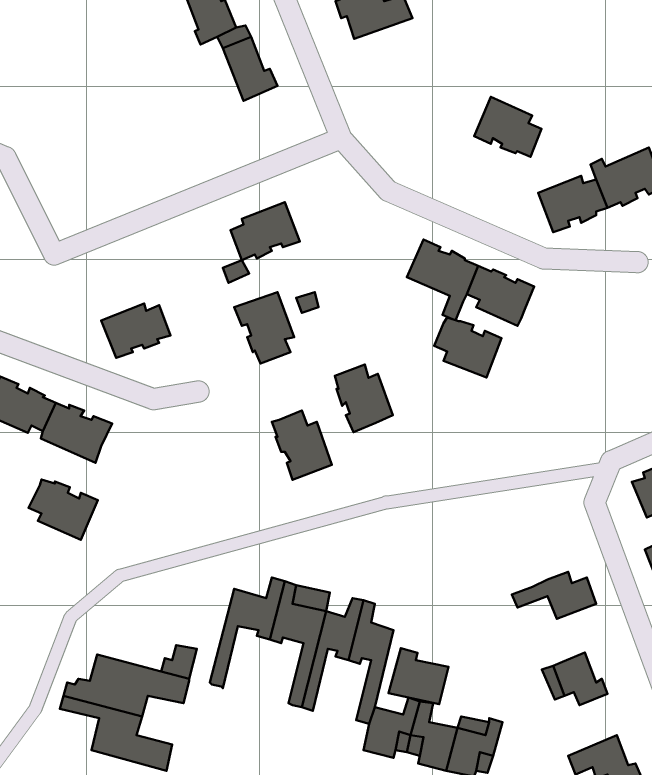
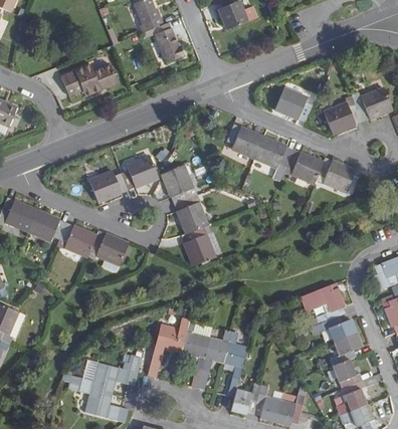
building: [474,97,542,157] -> [275,87,312,120]
building: none -> [61,62,118,95]
building: [230,202,300,260] -> [122,157,159,188]
building: none -> [226,126,263,157]
building: [434,318,502,378] -> [318,159,354,191]
building: [335,365,393,432] -> [176,197,207,233]
building: [28,480,98,540] -> [90,232,128,264]
building: none -> [301,282,346,318]
building: none -> [335,332,362,363]
building: [388,648,449,704] -> none
building: none -> [335,380,367,413]

